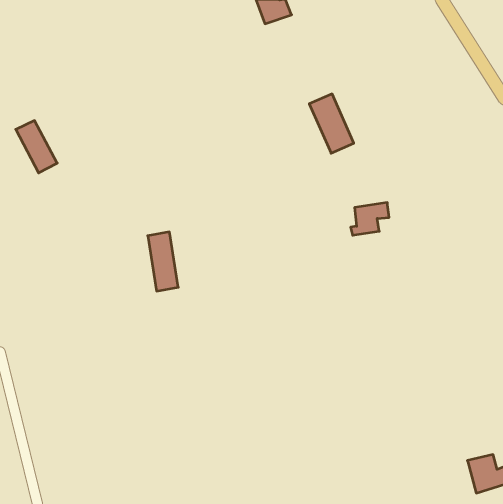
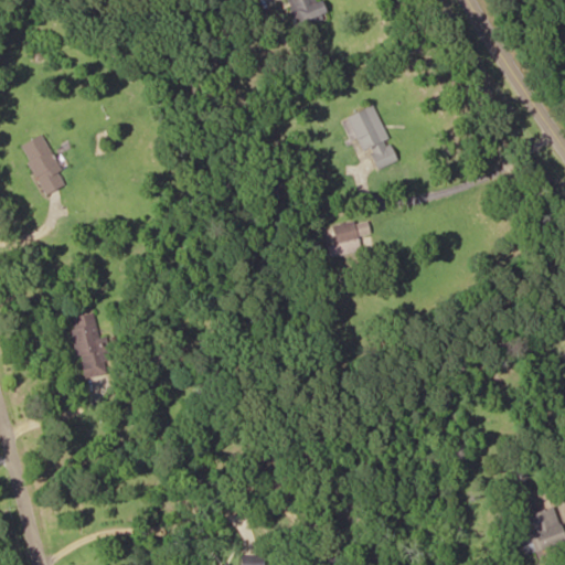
building: [351,203,389,235] -> [328,218,371,255]
building: [148,232,178,291] -> [71,311,105,377]

